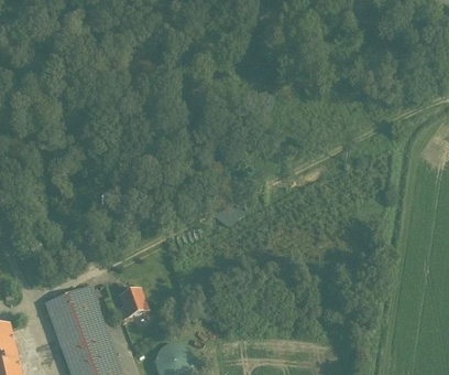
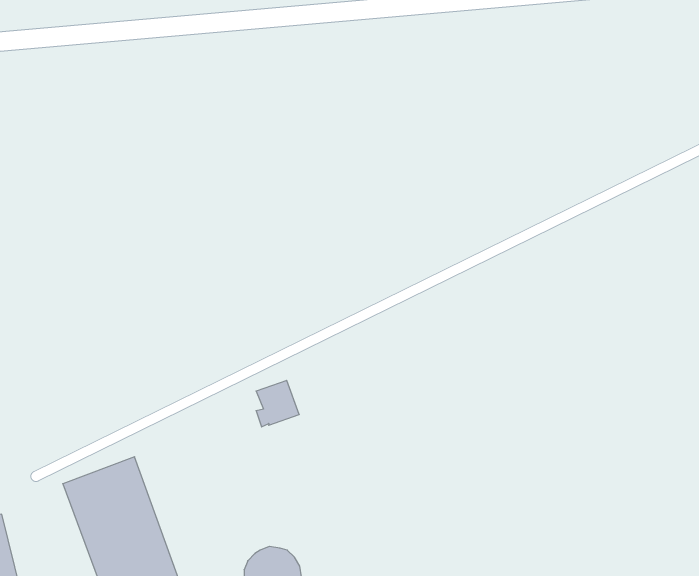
building: [121,287,147,315] -> [256,380,299,427]

